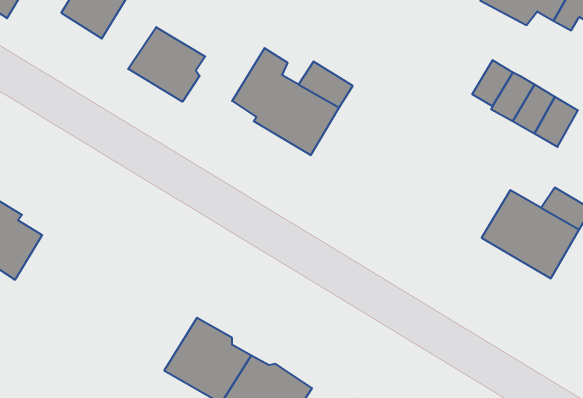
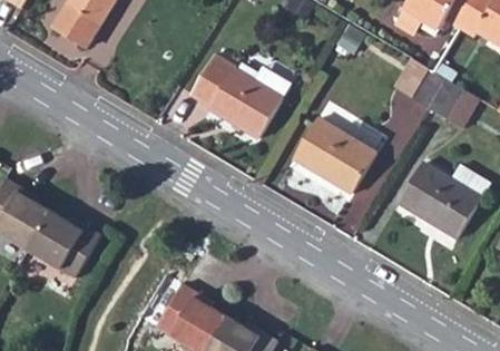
building: [128,27,205,102] -> none
building: none -> [290,116,384,197]
building: none -> [17,205,88,270]

